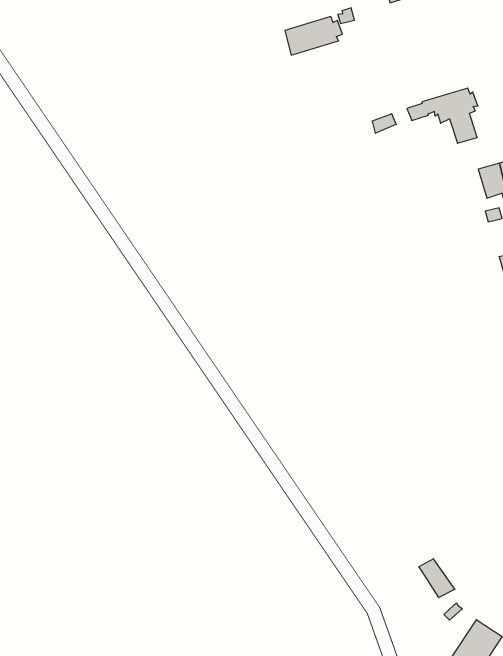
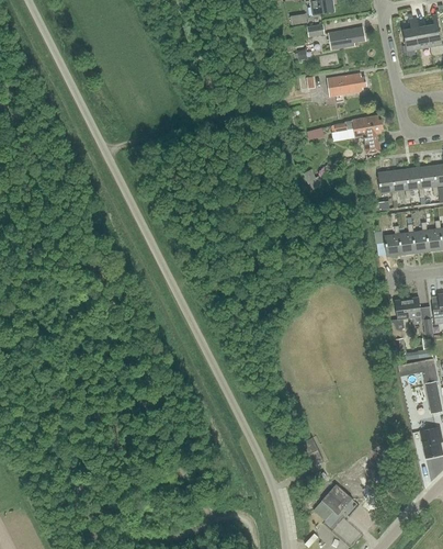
building: [285,17,342,55] -> [328,72,367,96]

